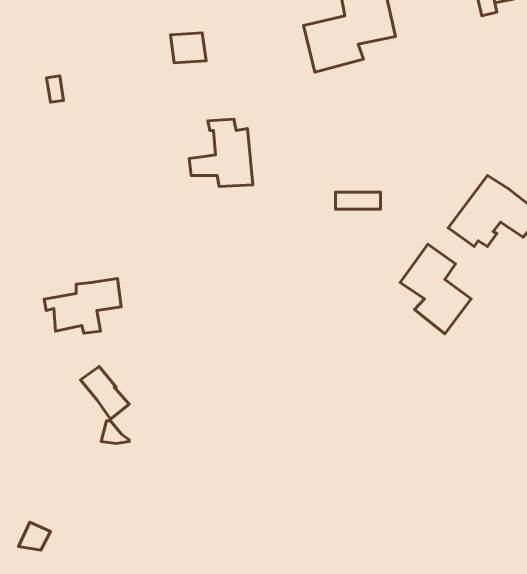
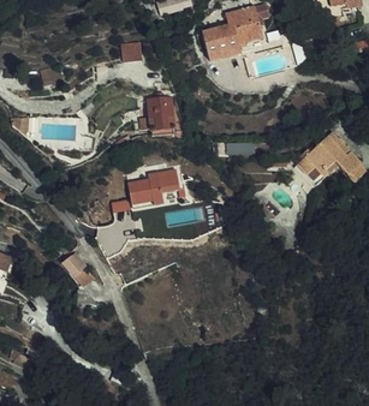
building: [400,244,471,334] -> none
building: [44,279,121,333] -> [127,174,177,209]

